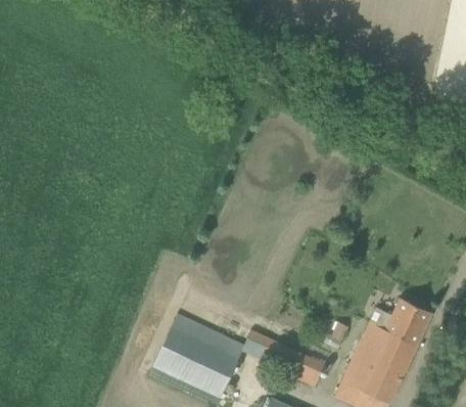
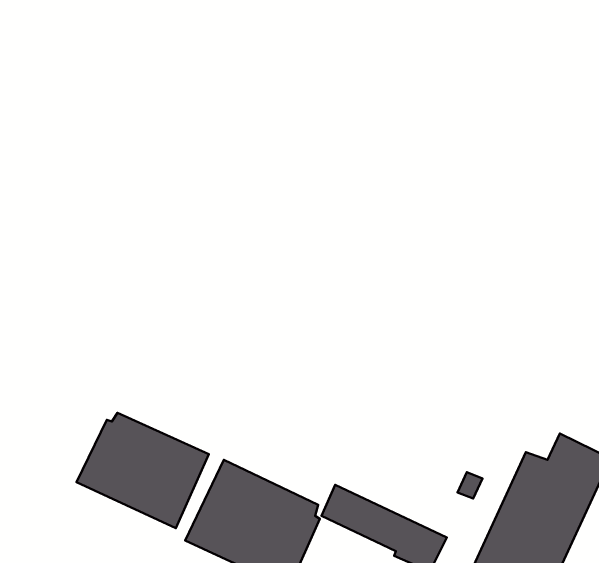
building: none -> [77,413,209,528]

